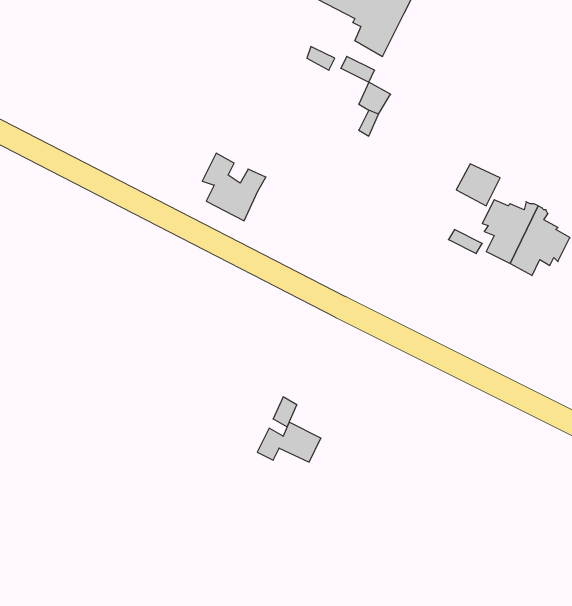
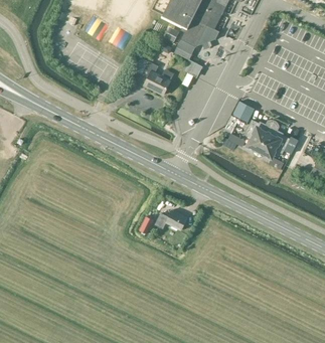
building: [202,153,266,221] -> [142,61,174,96]
building: [257,422,321,462] -> [155,210,187,230]

